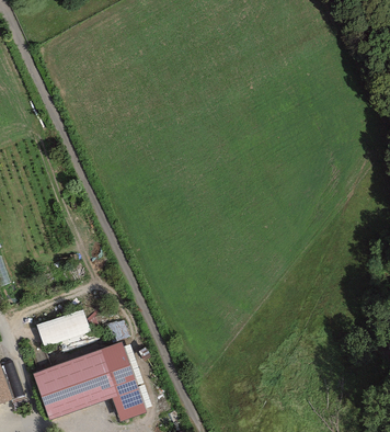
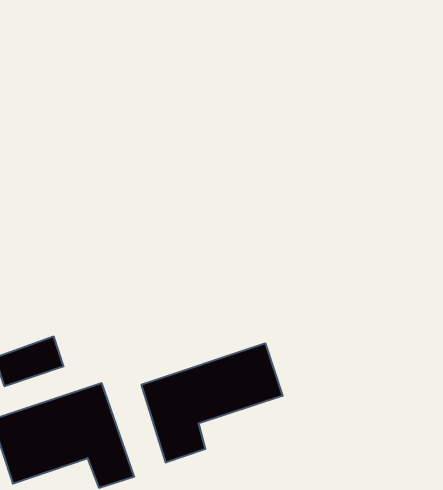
building: none -> [142,343,283,463]

